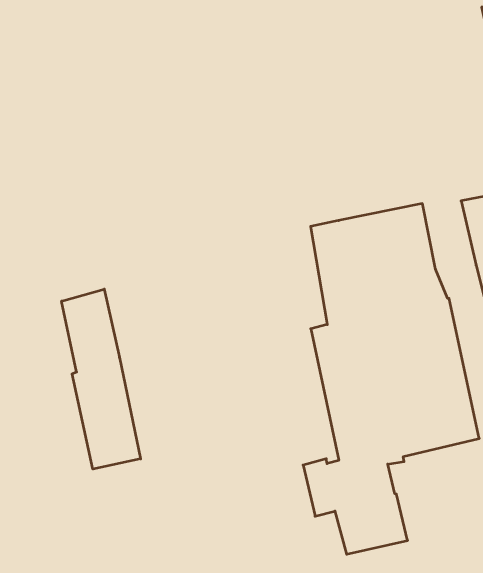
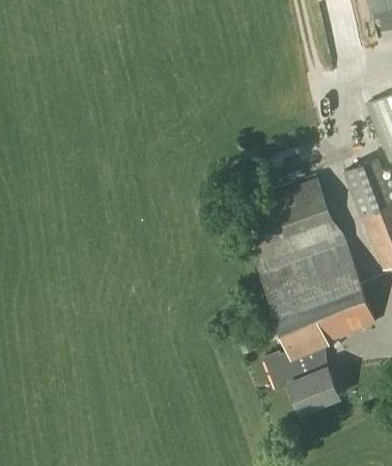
building: [62,289,141,469] -> none

